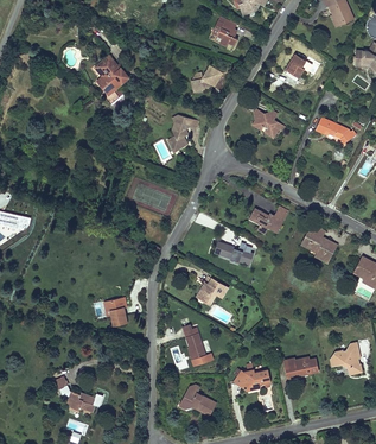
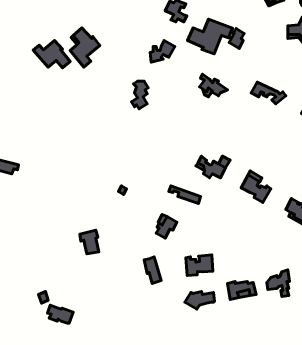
building: none -> [188,19,232,54]
building: none -> [33,40,70,68]
building: none -> [186,255,213,276]
building: [176,389,215,417] -> none

